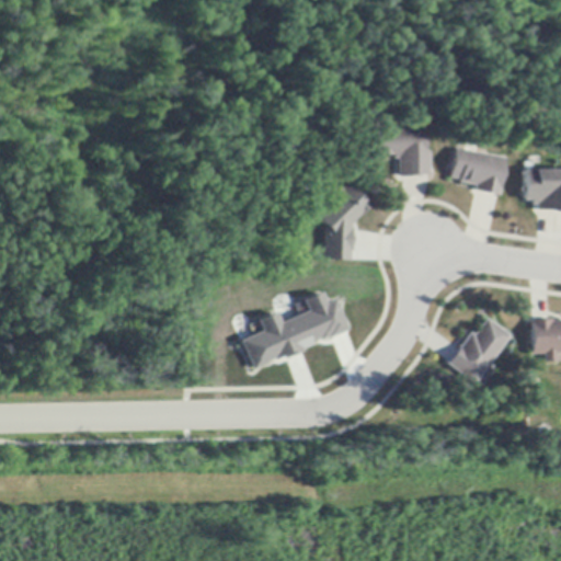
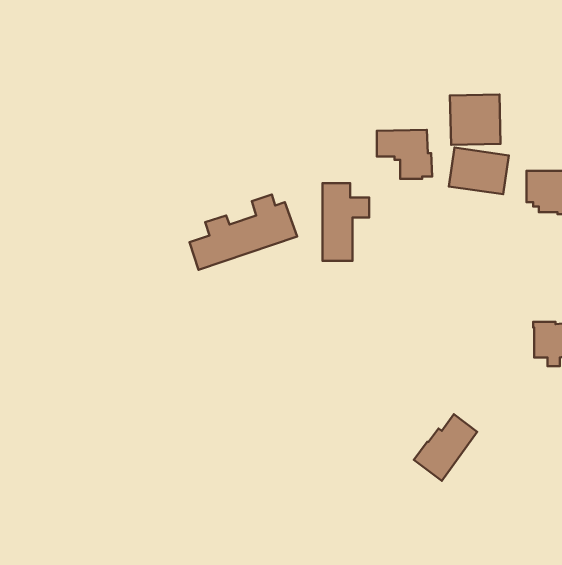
building: none -> [450,94,500,145]
building: [242,289,348,364] -> [190,194,297,270]
building: [448,318,511,383] -> [414,414,477,481]

